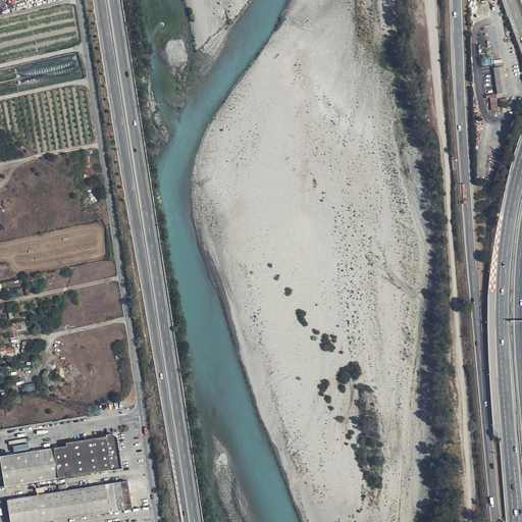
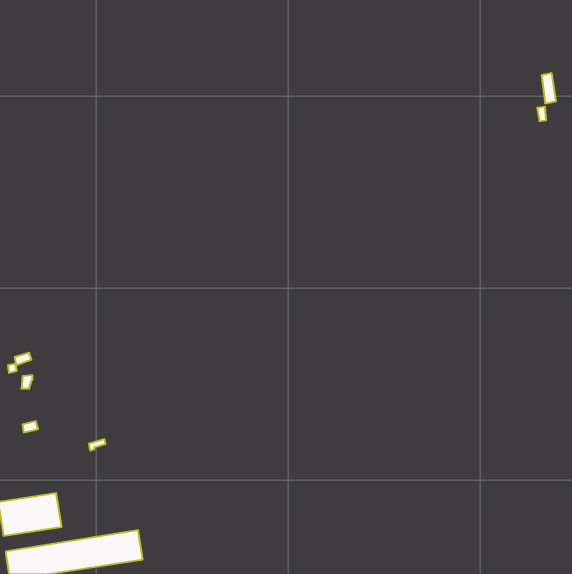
building: [51,434,119,478] -> none

